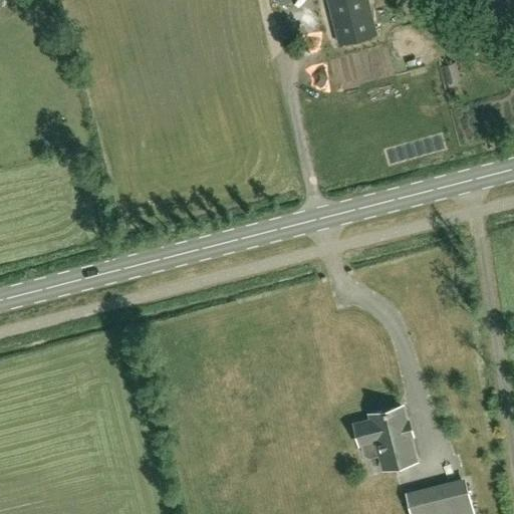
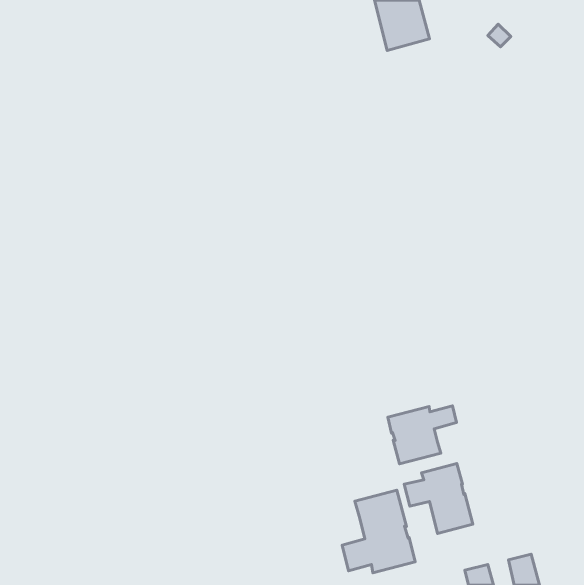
building: none -> [388,406,457,464]
building: none -> [342,490,415,573]

